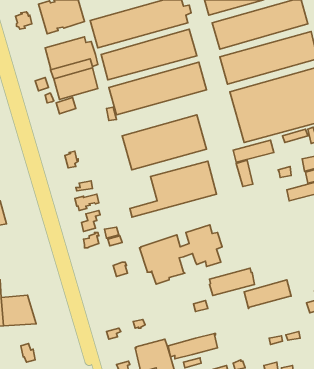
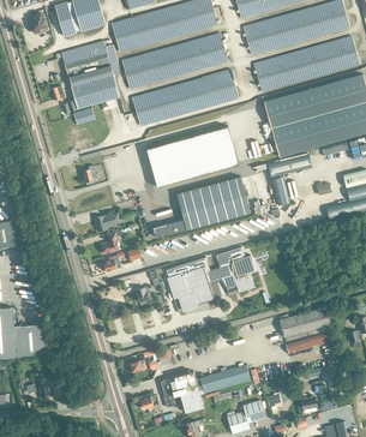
building: [209,268,254,296] -> [284,324,334,354]

